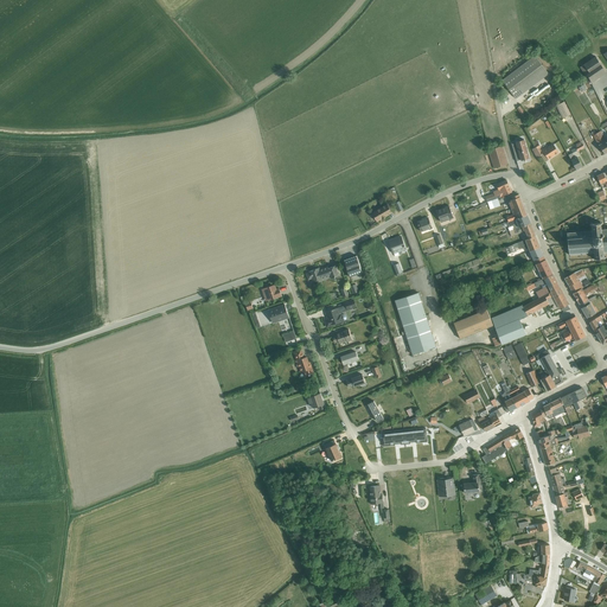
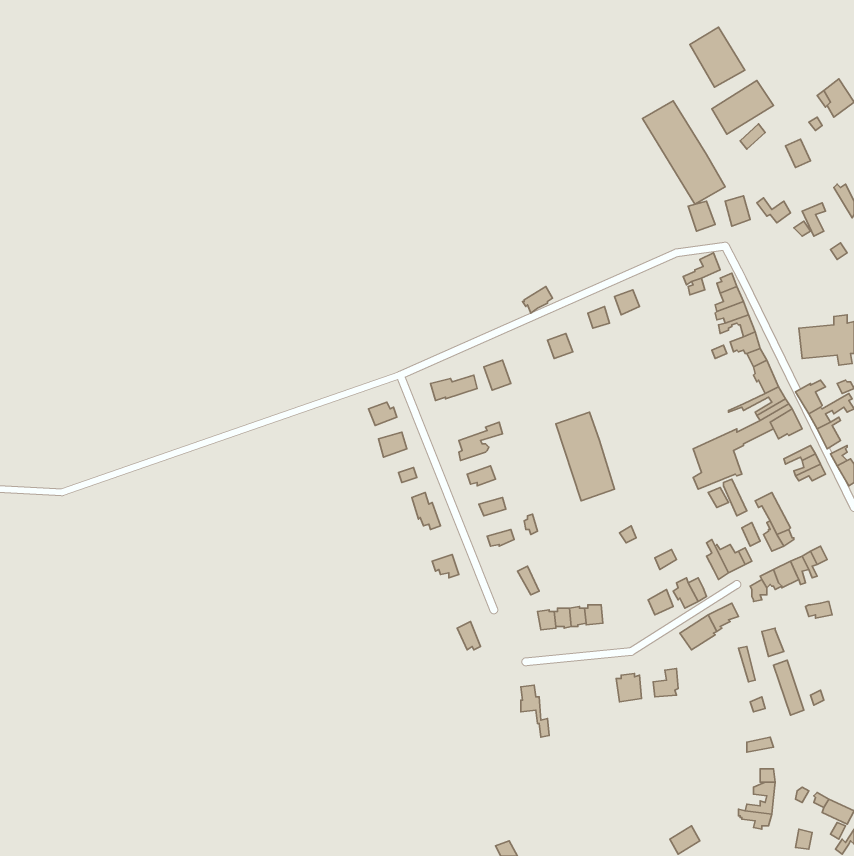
building: none -> [690,27,745,87]
building: none -> [643,101,725,204]
building: [453,308,492,338] -> none

